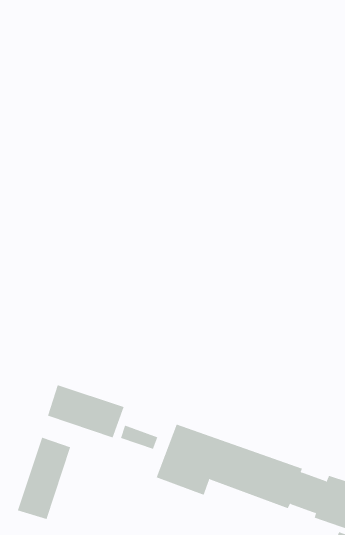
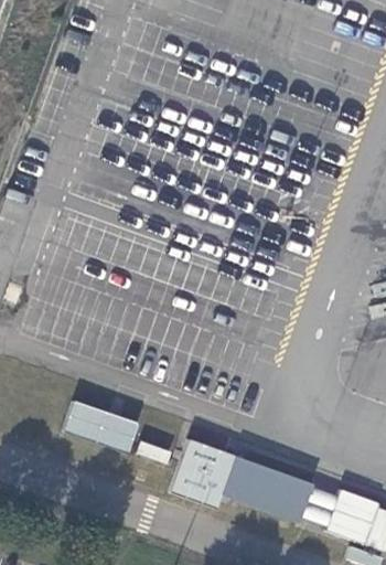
building: [17,437,71,520] -> none

